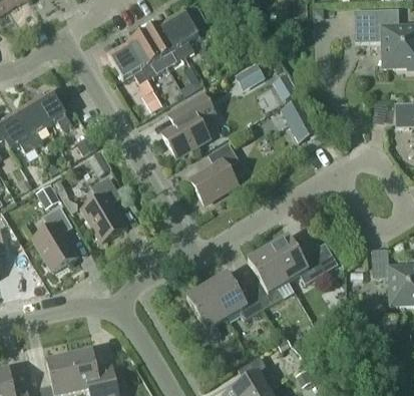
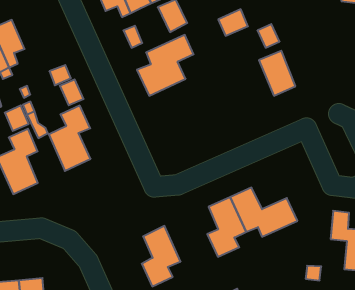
building: [31,88,71,130] -> none
building: [188,141,239,203] -> none
building: [206,272,263,320] -> none

